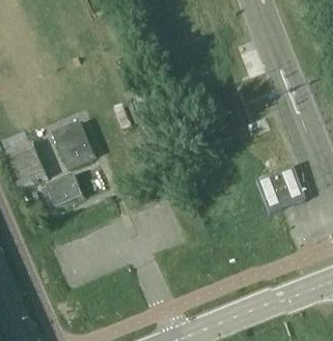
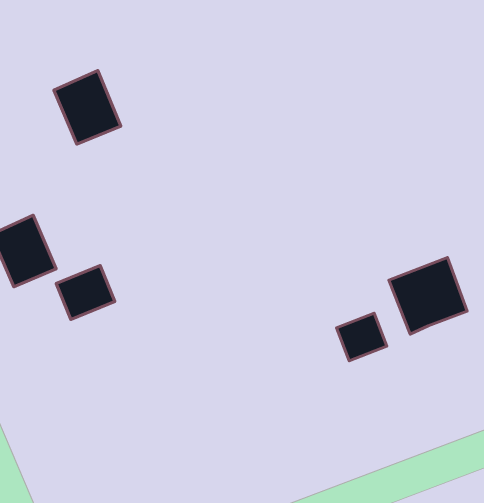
building: [51,119,93,166] -> [54,71,121,144]
building: none -> [336,313,387,361]

